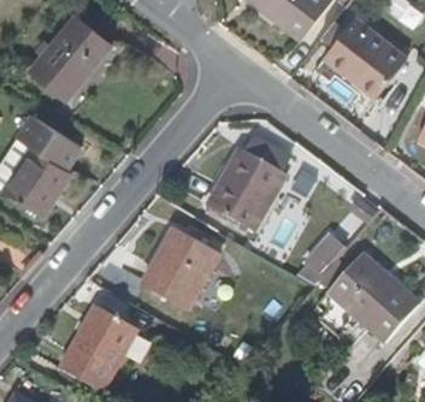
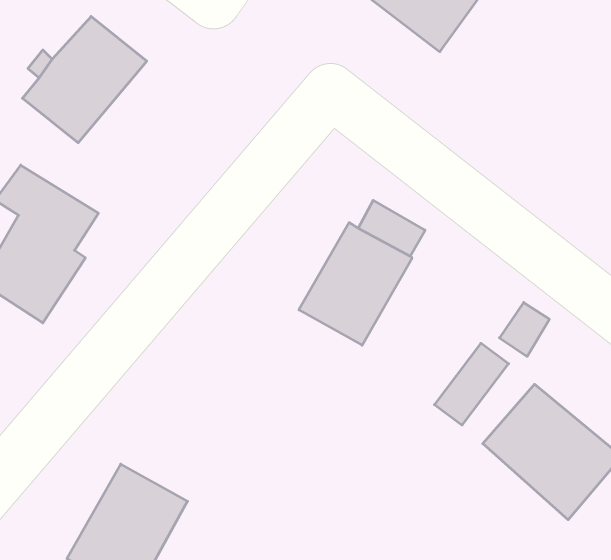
building: [323,17,407,99] -> none
building: [146,231,219,311] -> none

